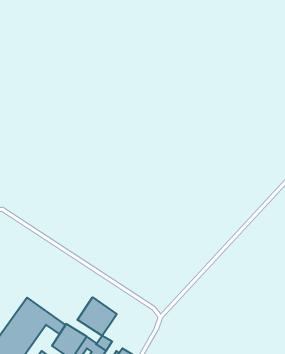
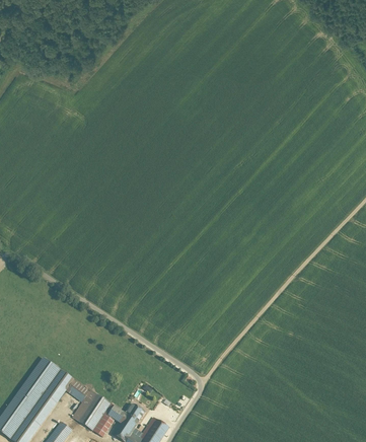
building: [77,297,117,336] -> none

